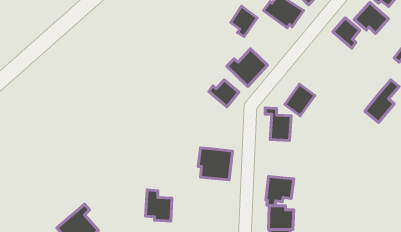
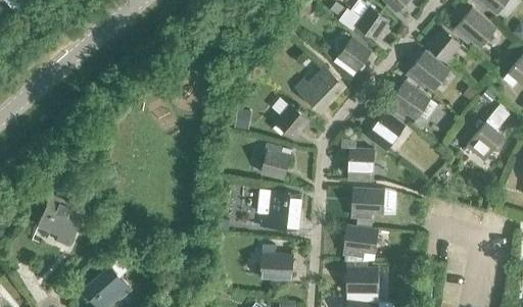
building: [231,6,257,37] -> [338,37,371,74]
building: none -> [407,51,449,90]
building: none -> [387,82,430,119]
building: none -> [262,148,292,180]
building: none -> [351,188,384,225]
building: none -> [37,199,82,246]
building: [146,190,172,221] -> [259,246,292,285]

